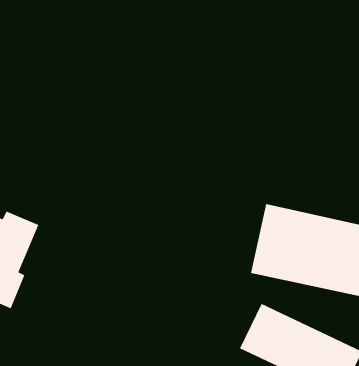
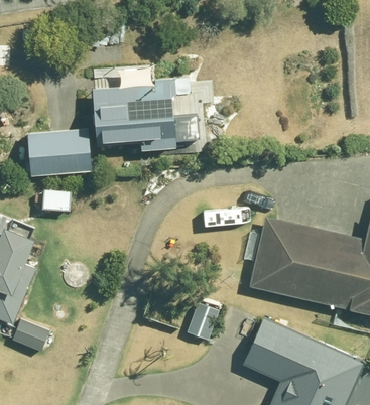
building: none -> [93,79,181,149]
building: none -> [29,130,91,176]

